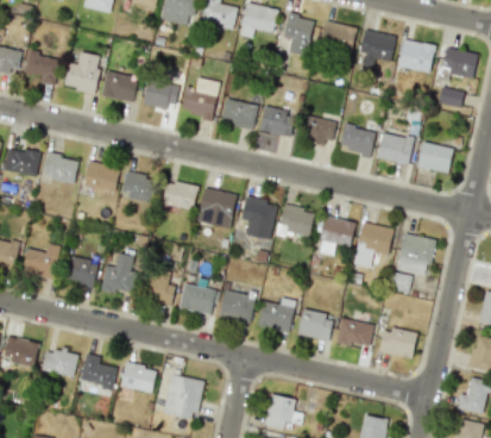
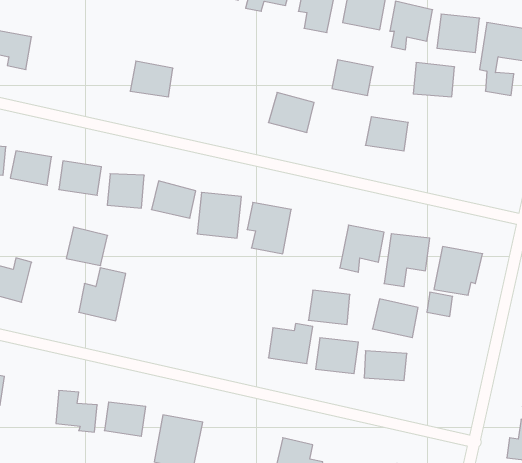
building: [63,51,101,93] -> none
building: [100,69,138,102] -> none
building: [181,77,219,117] -> none
building: [220,98,258,129] -> none
building: [302,114,336,144] -> [332,60,373,95]
building: [378,133,413,162] -> [413,63,455,97]
building: [417,143,452,171] -> none
building: [278,206,313,234] -> [308,290,350,325]
building: [64,254,99,286] -> [66,227,108,266]
building: [143,271,174,302] -> none
building: [178,283,216,314] -> none
building: [218,289,256,324] -> none
building: [378,326,416,358] -> [372,299,418,338]
building: [42,348,77,376] -> none

